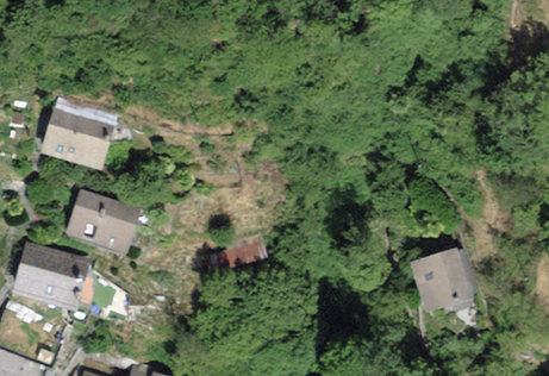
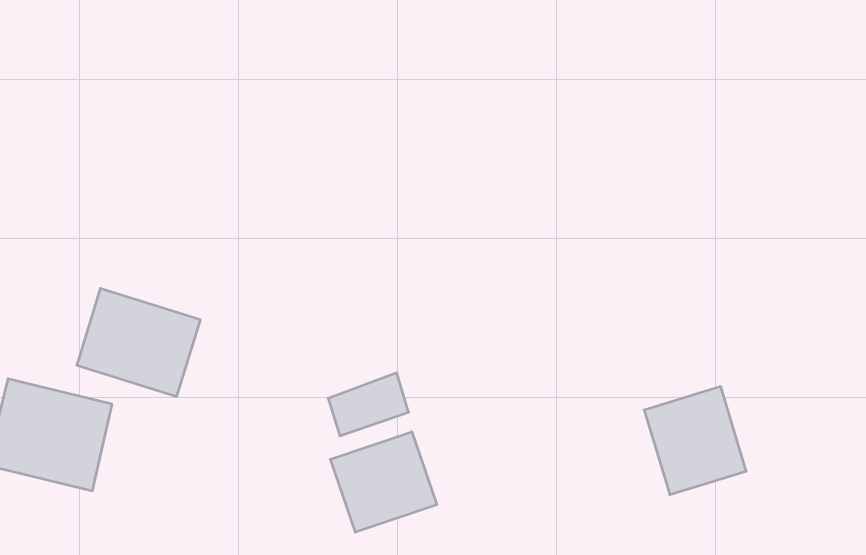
building: [42,104,117,168] -> none
building: none -> [330,432,437,532]

